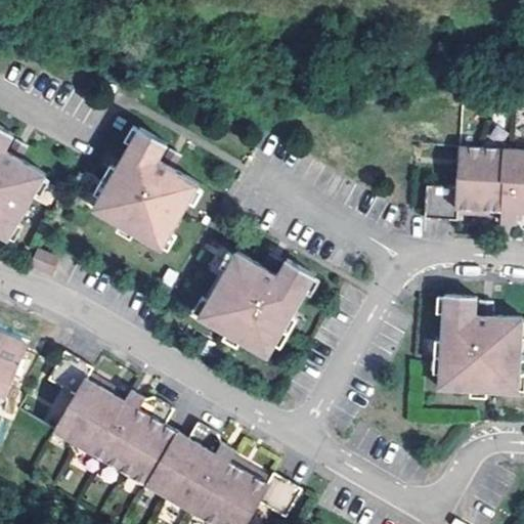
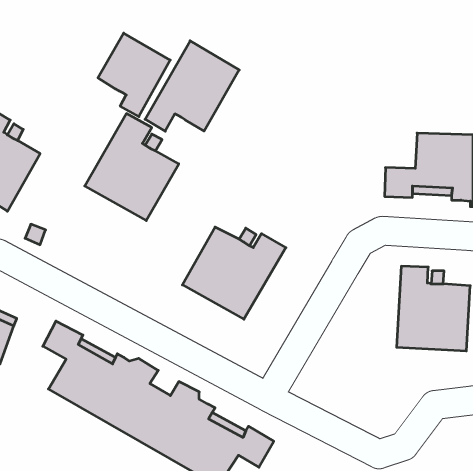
building: none -> [98,33,170,117]
building: none -> [145,41,239,131]

